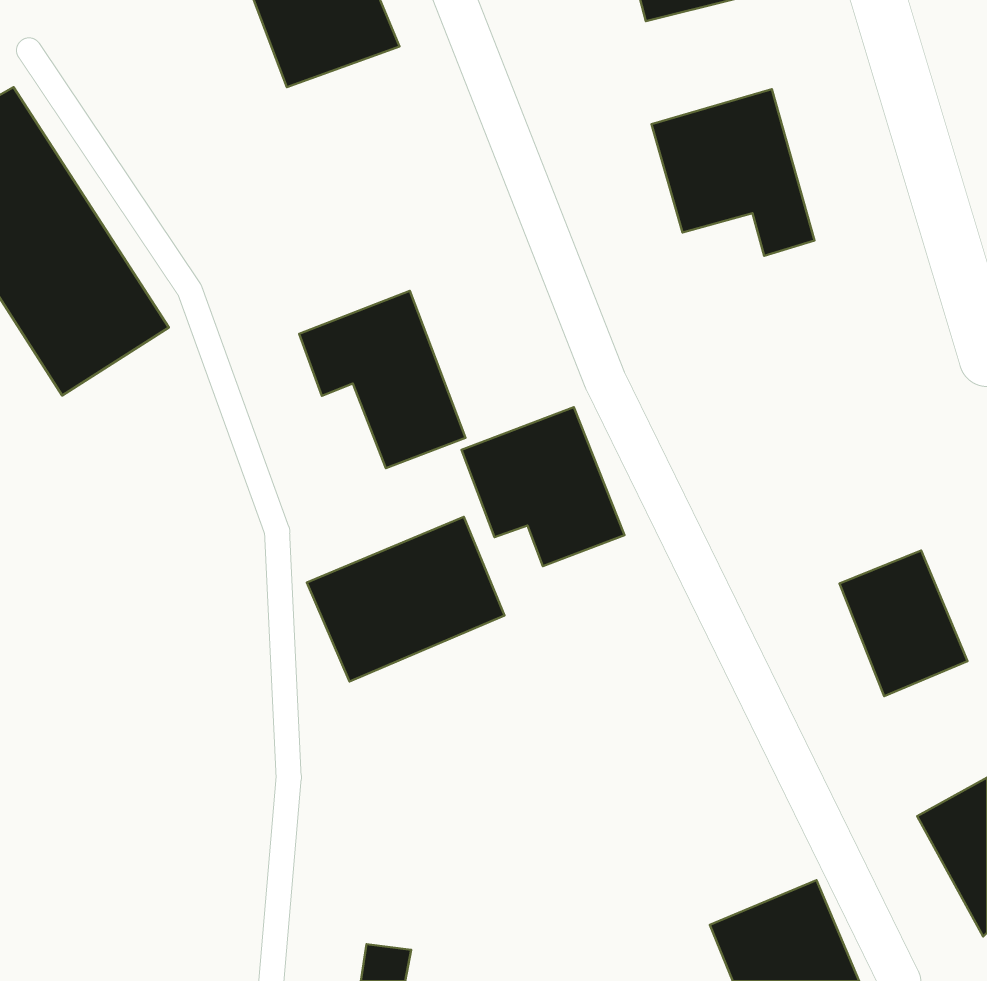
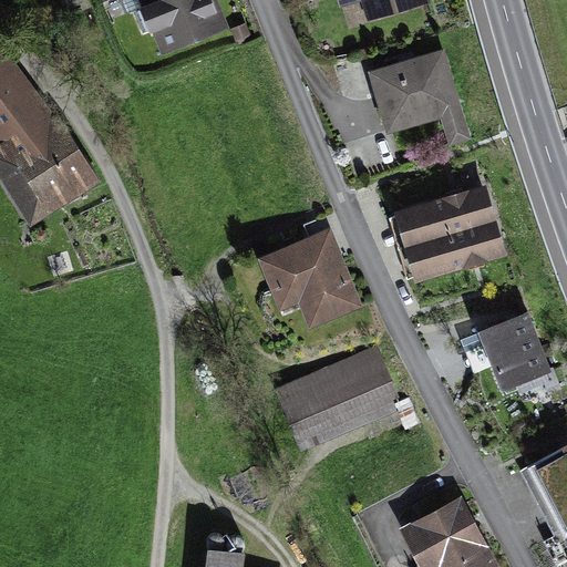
building: [299,291,465,468] -> none
building: none -> [401,190,505,279]
building: [307,517,505,682] -> [278,350,391,444]

